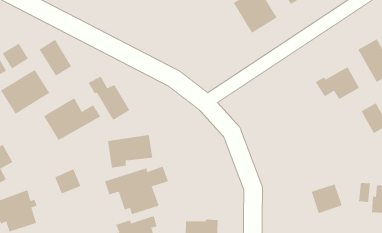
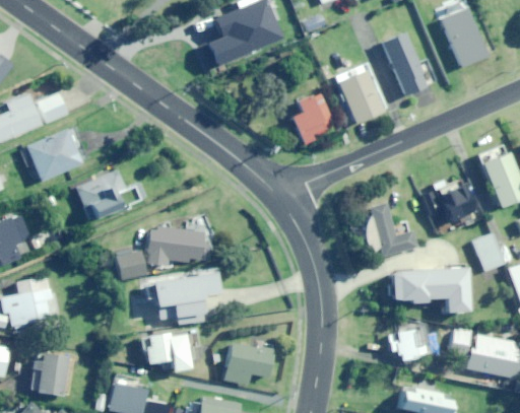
building: none -> [290,92,331,144]
building: [39,39,72,76] -> none
building: [88,76,130,121] -> none
building: none -> [368,204,417,256]
building: none -> [389,268,470,312]
building: [55,169,81,194] -> [116,251,147,280]

